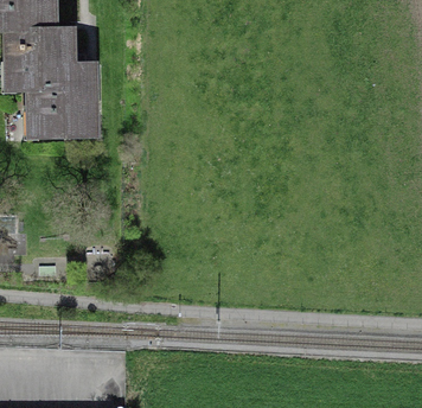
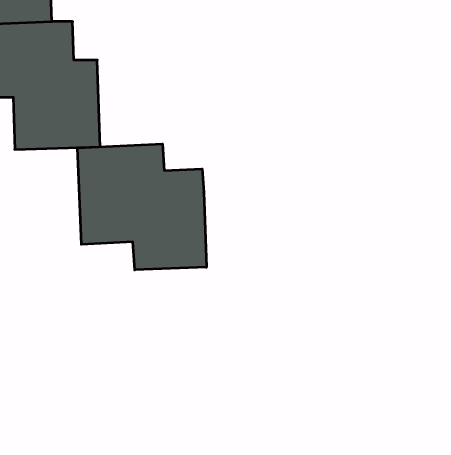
building: none -> [77,144,206,270]

